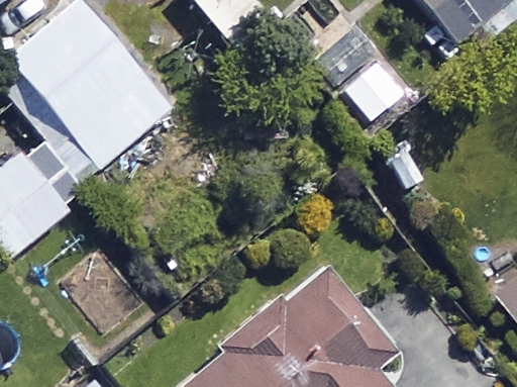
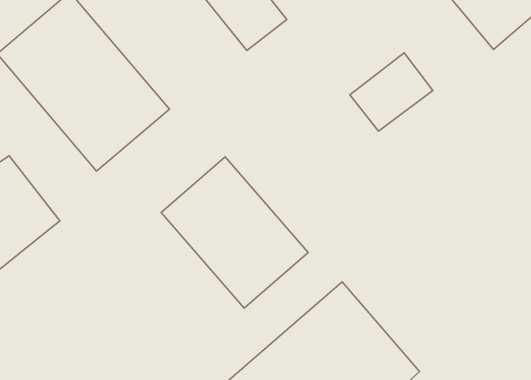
building: none -> [161,157,308,308]

